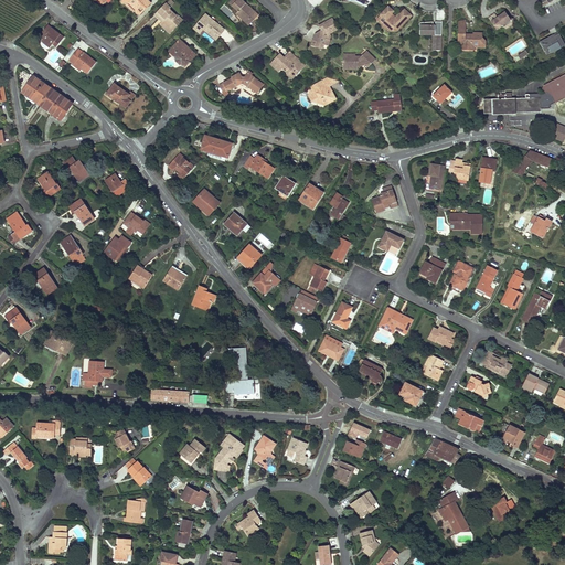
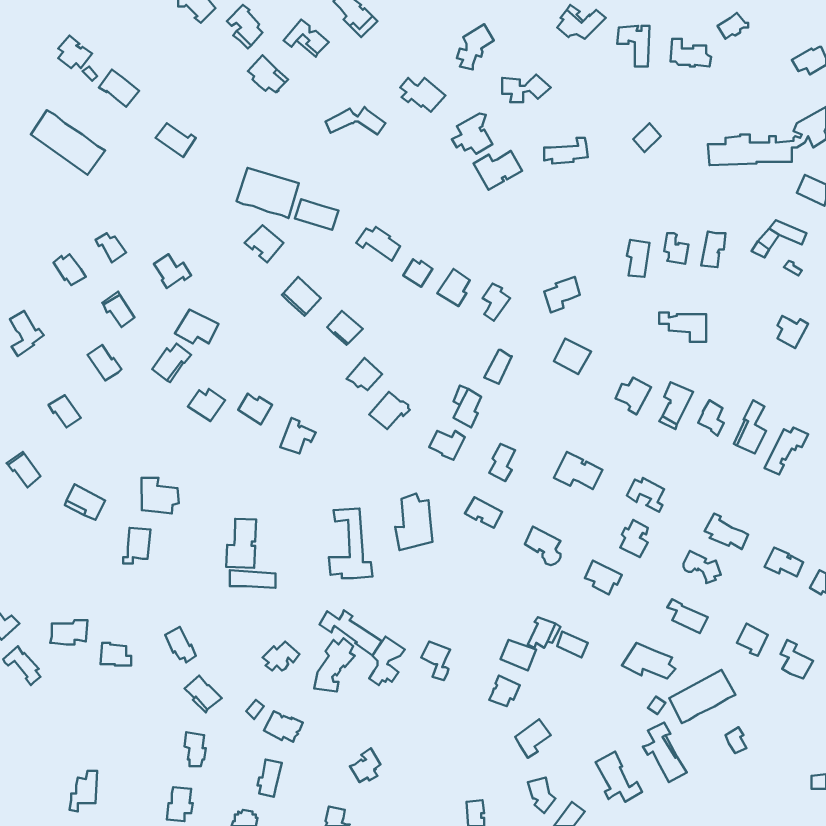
building: none -> [473,151,522,190]
building: none -> [237,168,299,218]
building: none -> [142,478,179,514]
building: none -> [395,493,432,550]
building: none -> [226,519,256,568]
building: none -> [319,610,382,655]
building: none -> [669,670,736,723]
building: none -> [595,752,642,802]

